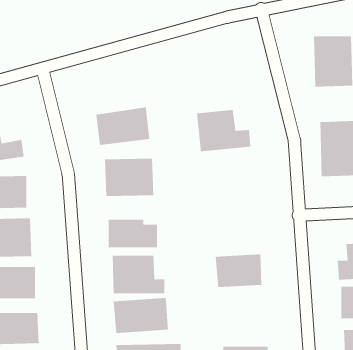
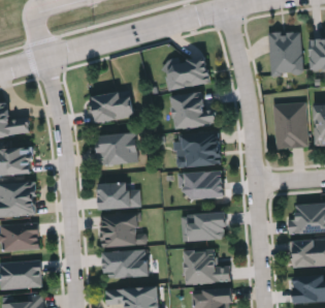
building: none -> [164,59,209,90]
building: none -> [177,132,220,166]
building: none -> [182,172,224,199]
building: none -> [185,250,231,284]

